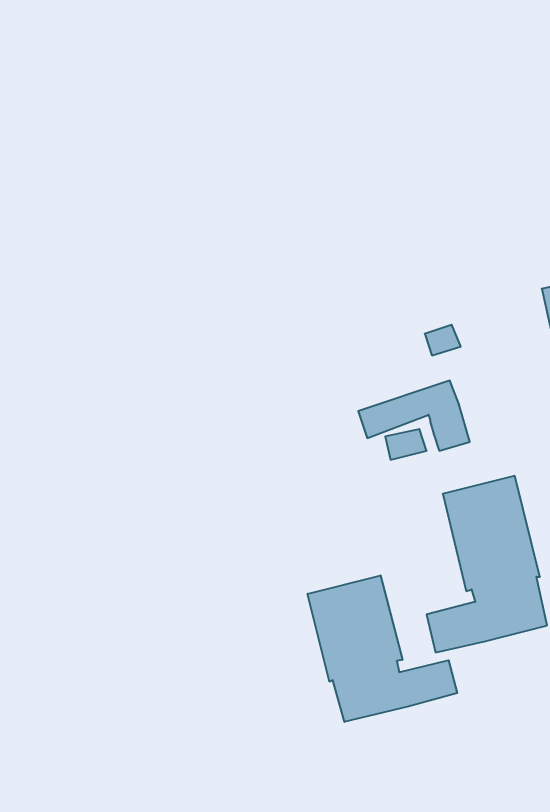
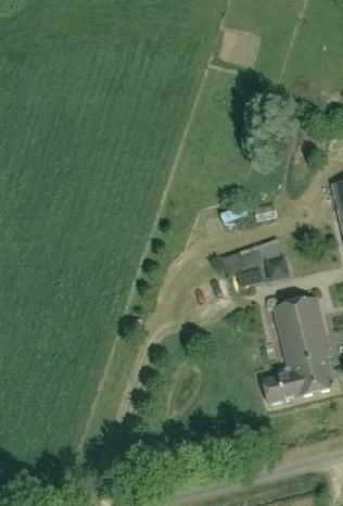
building: [308,575,457,722] -> none

